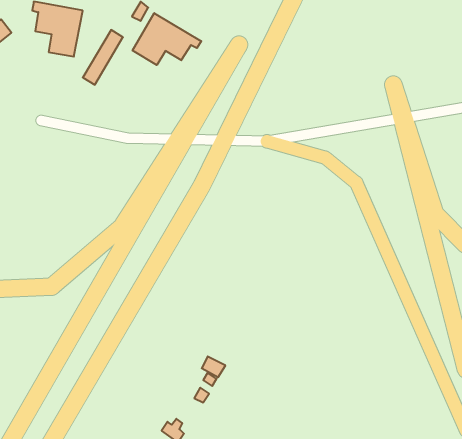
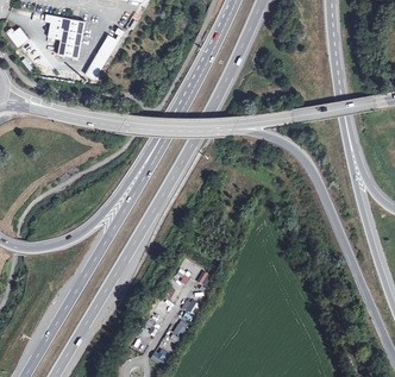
building: [133,13,201,65] -> none

